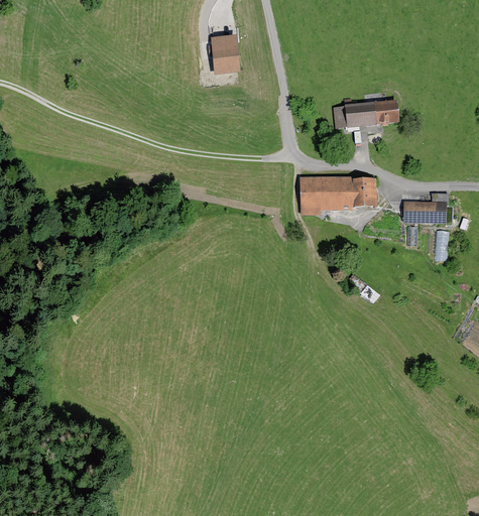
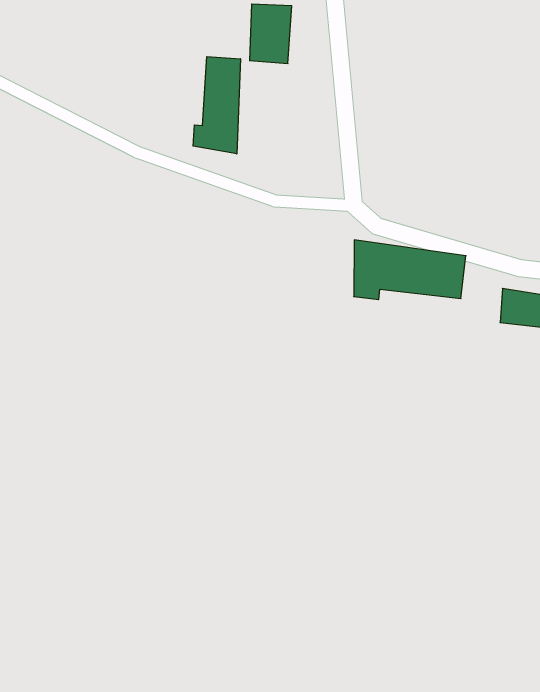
building: none -> [193,57,240,154]
building: [333,99,398,127] -> none

